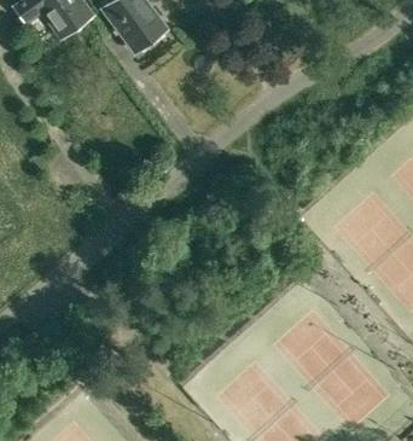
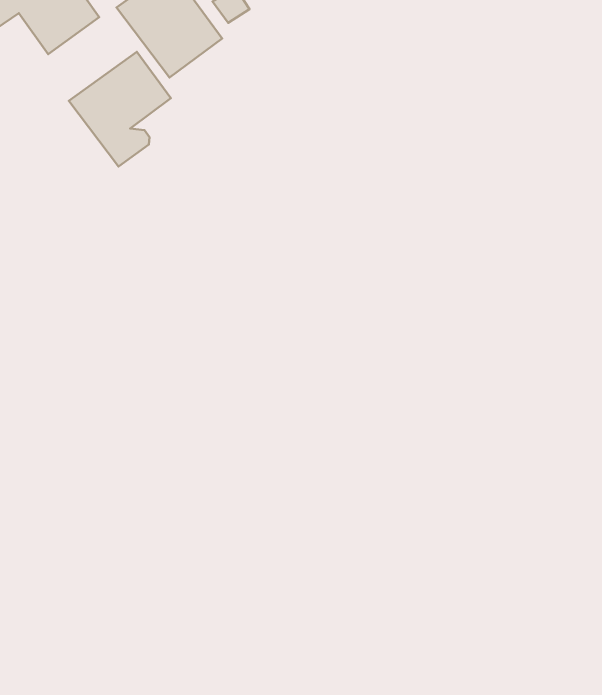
building: none -> [69,52,171,166]

